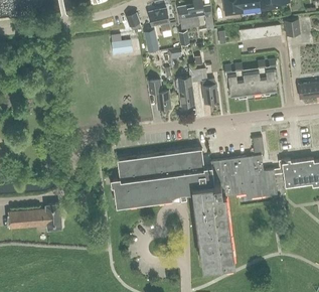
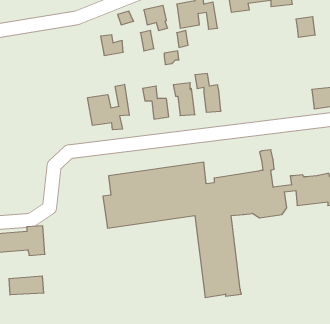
building: [222,60,277,97] -> none
building: none -> [88,84,129,130]
building: none -> [9,276,43,295]

